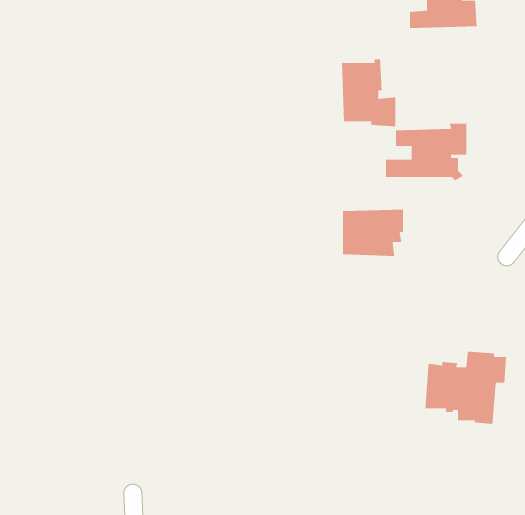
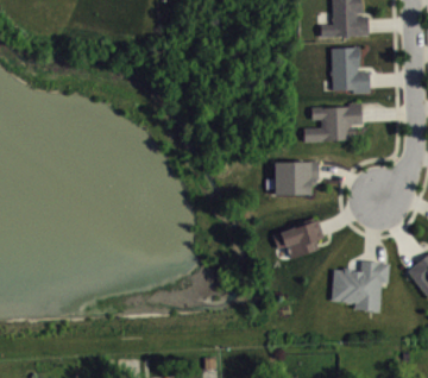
building: [341,59,396,127] -> [332,45,370,93]
building: none -> [273,218,325,258]

